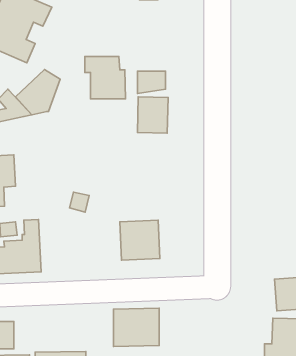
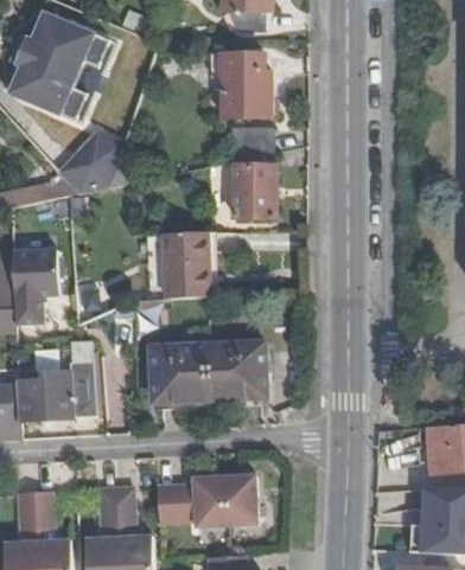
building: [85,57,126,99] -> [210,58,268,119]
building: none -> [164,243,218,309]
building: none -> [147,347,208,405]
building: none -> [155,480,193,524]
building: none -> [96,485,135,525]

